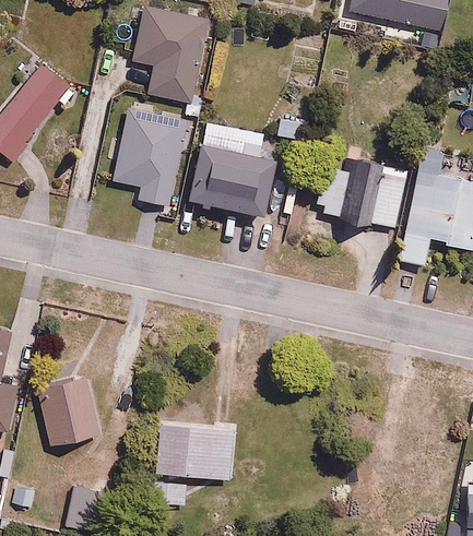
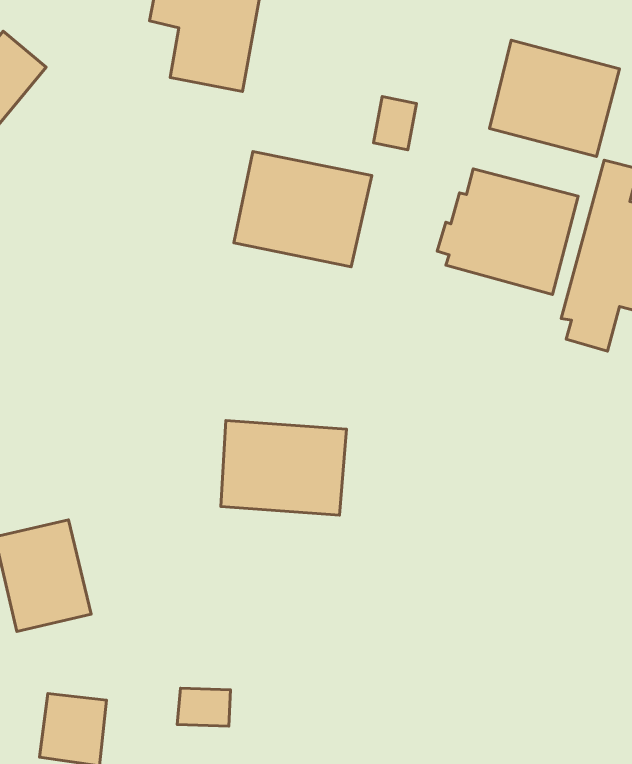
building: none -> [490,40,619,157]
building: [114,103,189,207] -> none
building: [156,419,236,479] -> [221,421,346,515]

